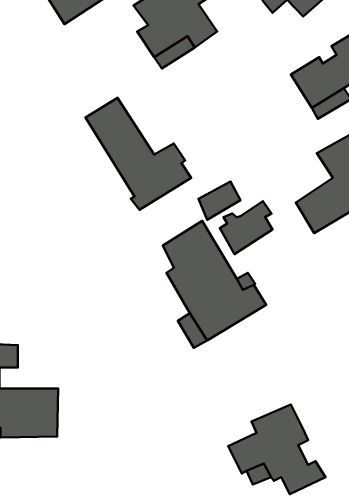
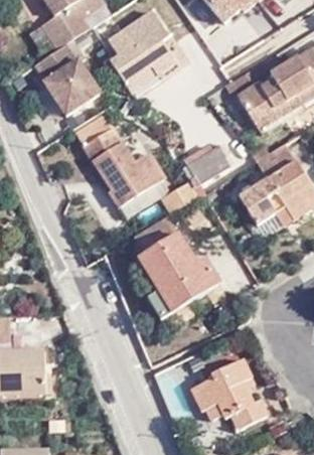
building: none -> [29,48,94,119]
building: [220,201,273,254] -> [186,143,229,186]

